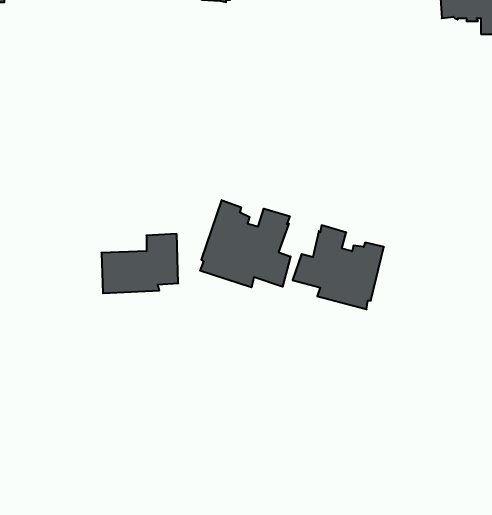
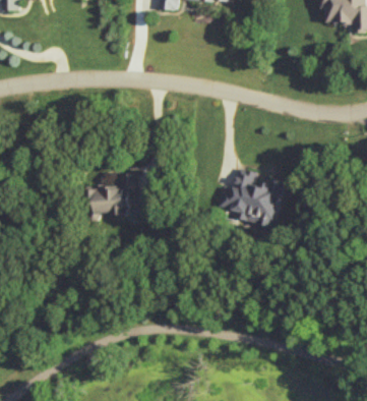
building: [200,200,291,287] -> none

